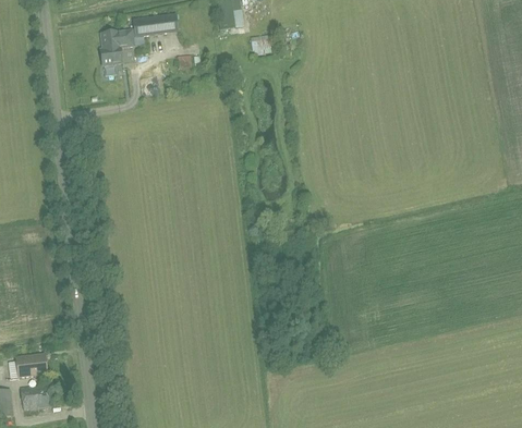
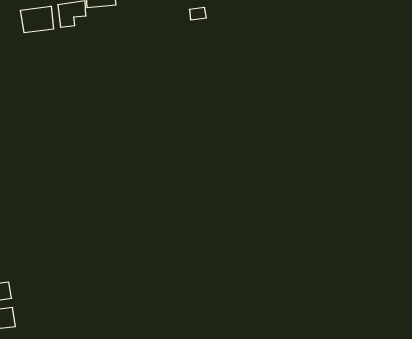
building: none -> [21,6,53,33]

